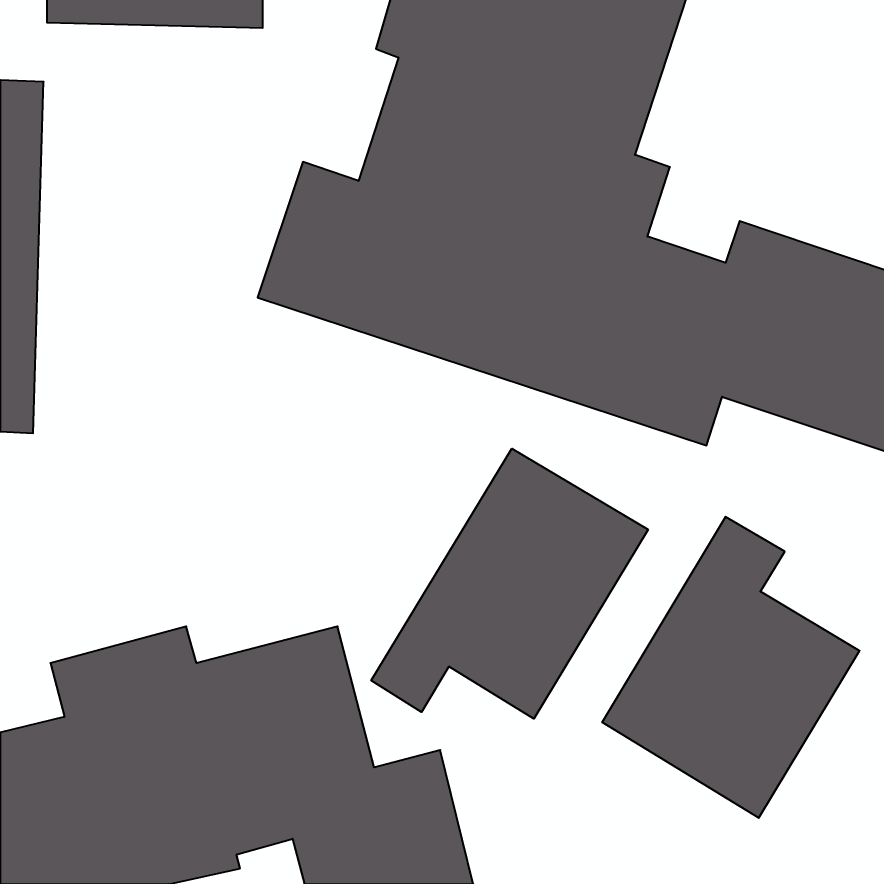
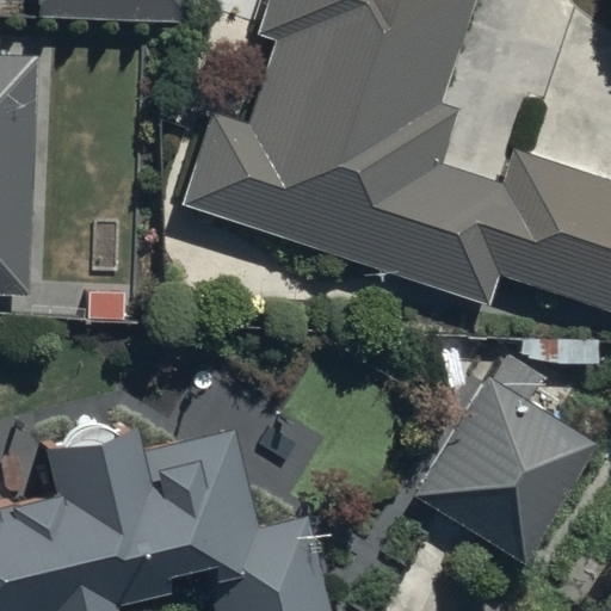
building: [371,449,648,719] -> none

